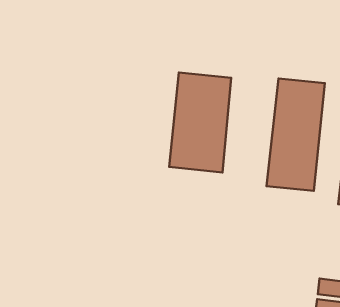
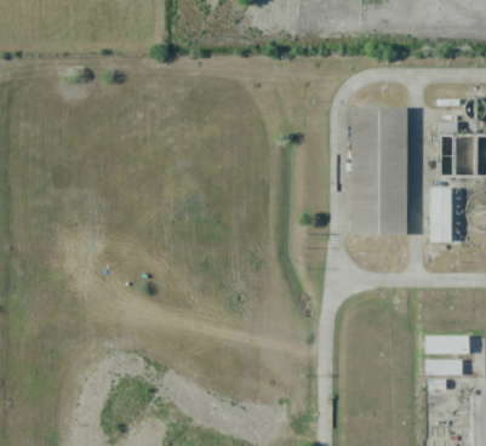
building: [169,72,231,173] -> none

